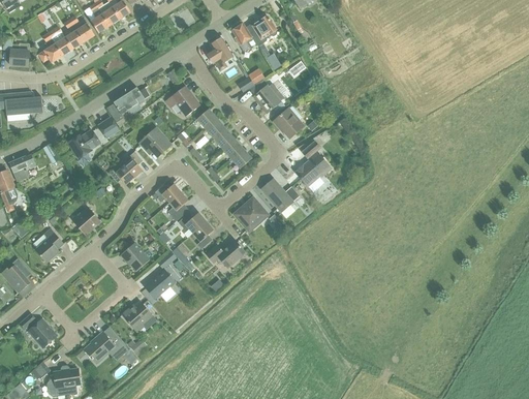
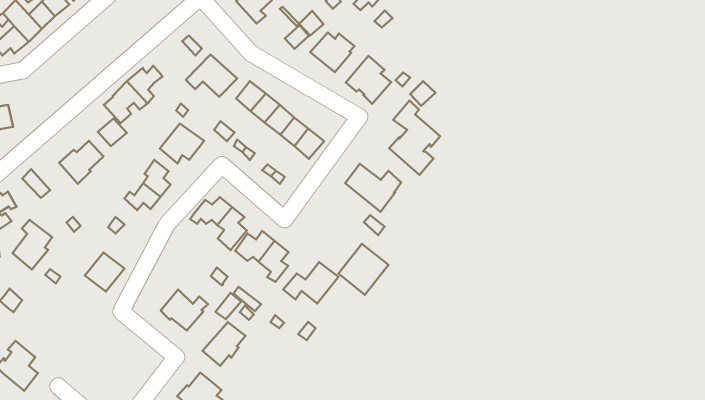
building: [232,195,268,231] -> [338,244,388,295]
building: [34,227,63,262] -> [12,220,52,269]

